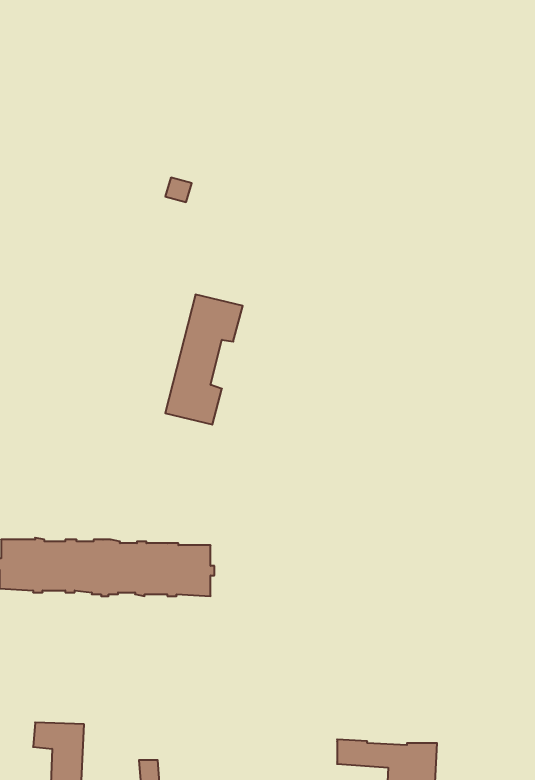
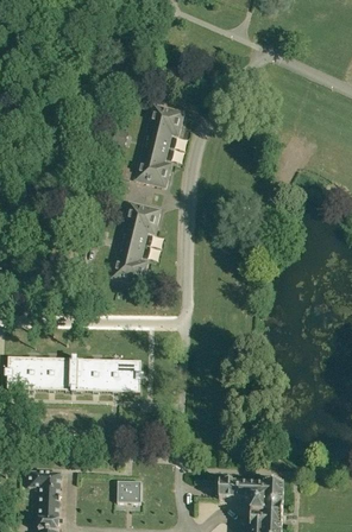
building: none -> [136,106,184,188]
building: none -> [117,482,142,504]

